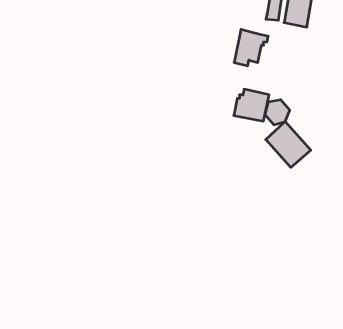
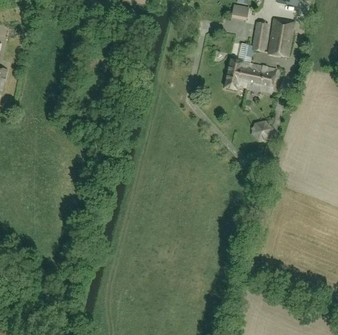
building: [234,89,269,121] -> [245,64,276,92]
building: [266,121,311,167] -> none

